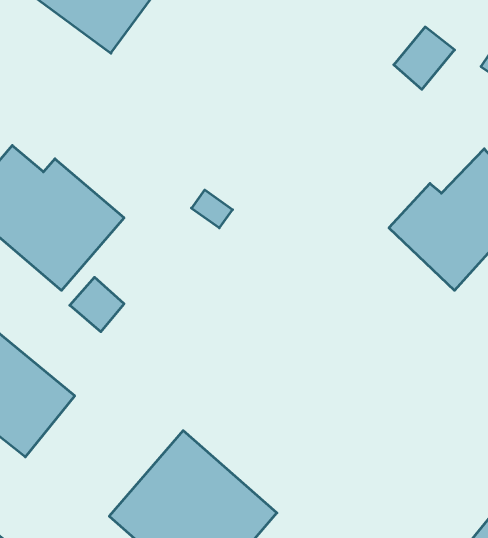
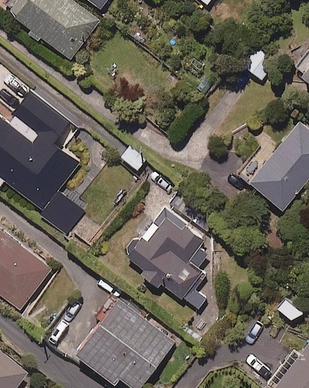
building: none -> [128,207,215,310]

